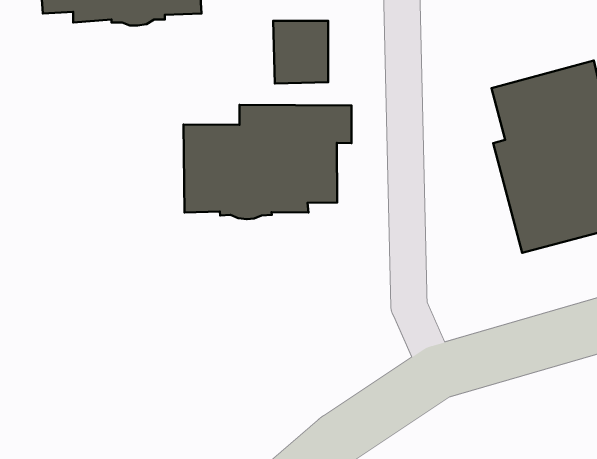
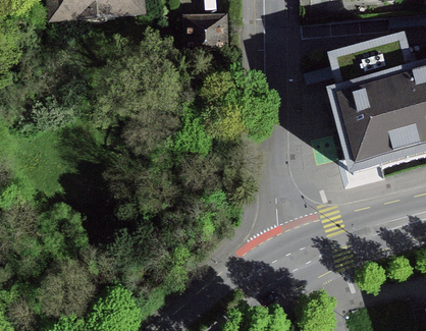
building: [184,105,352,219] -> none

